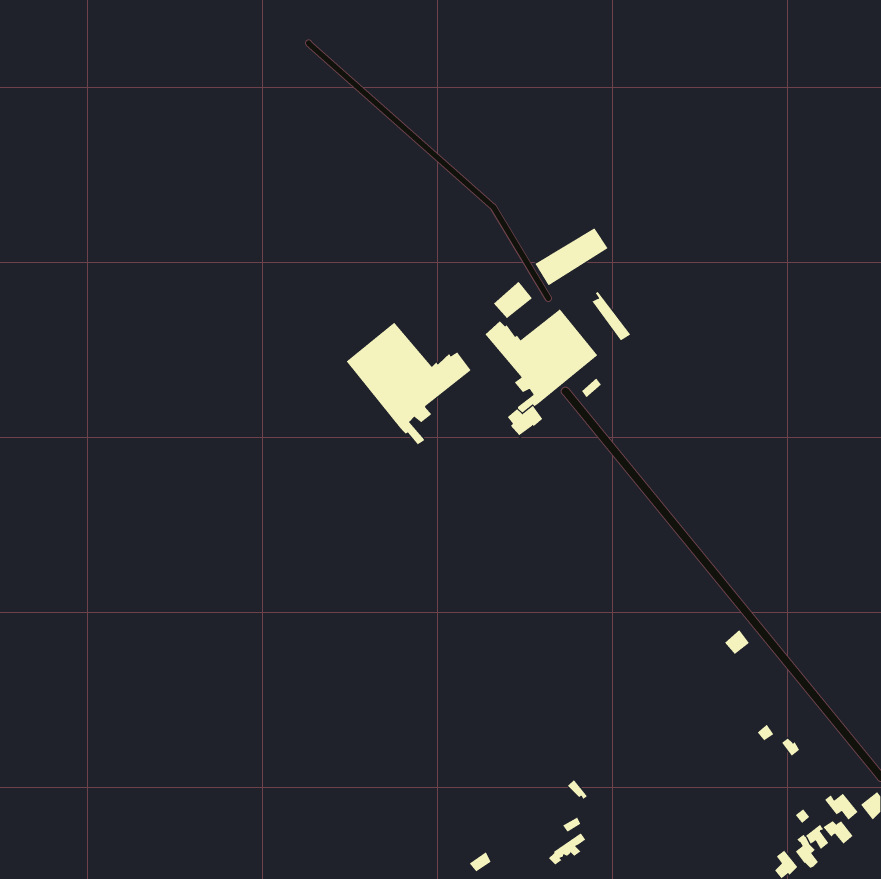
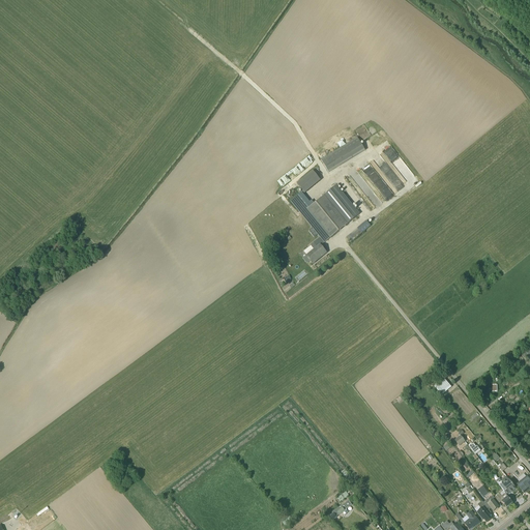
building: [346,322,472,445] -> none

